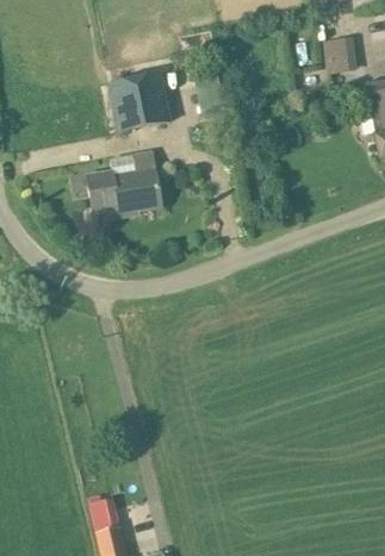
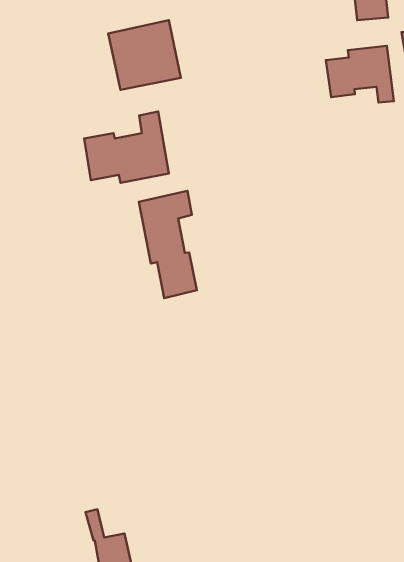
building: none -> [326,46,394,102]
building: none -> [139,191,197,298]

